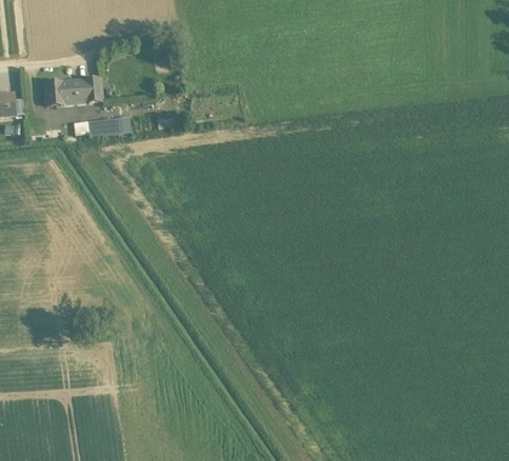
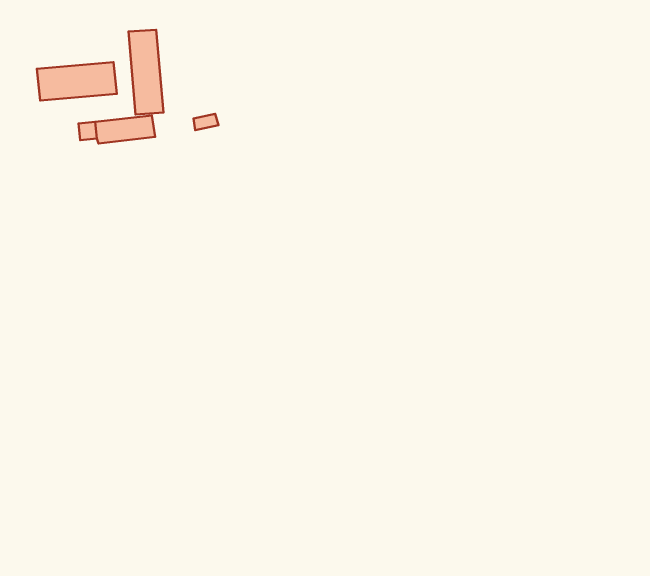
building: none -> [128,30,163,114]

